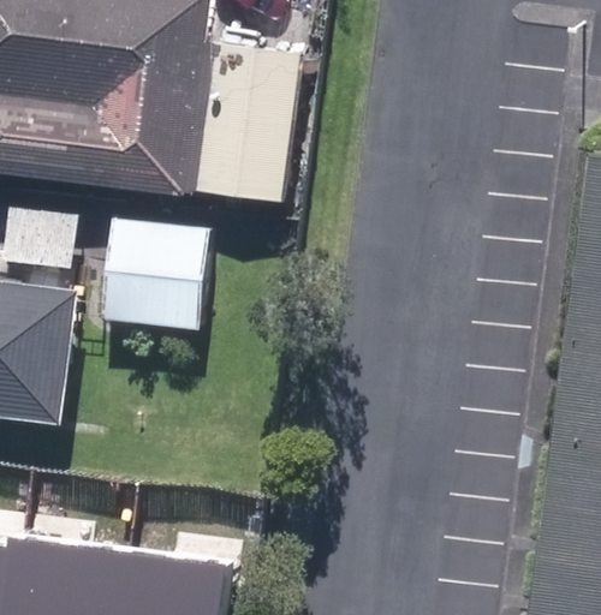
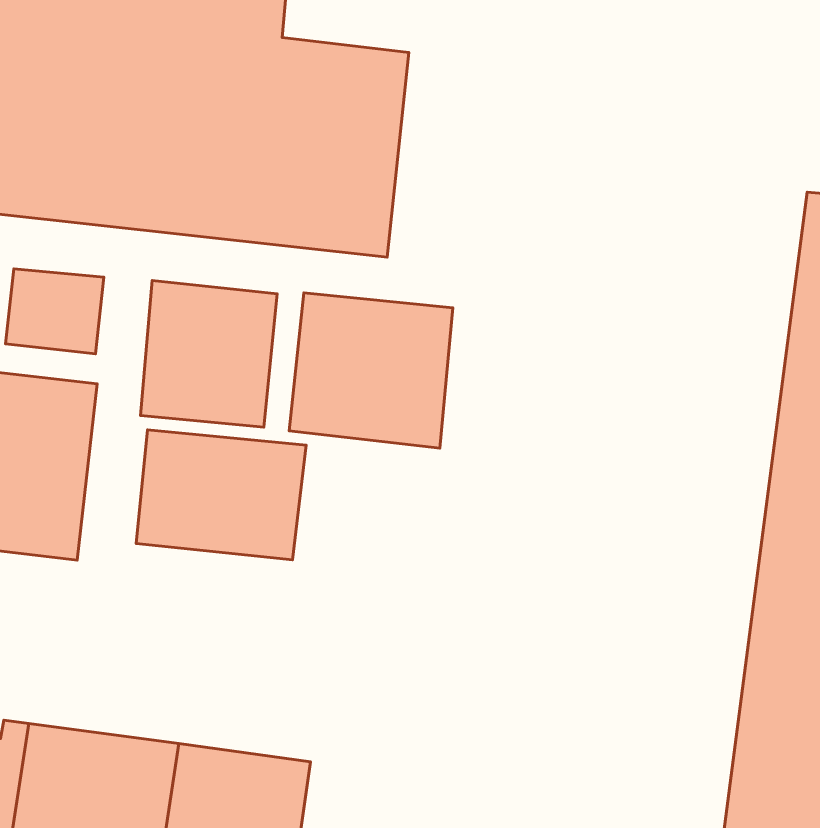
building: none -> [289,293,453,448]
building: none -> [136,430,306,560]

